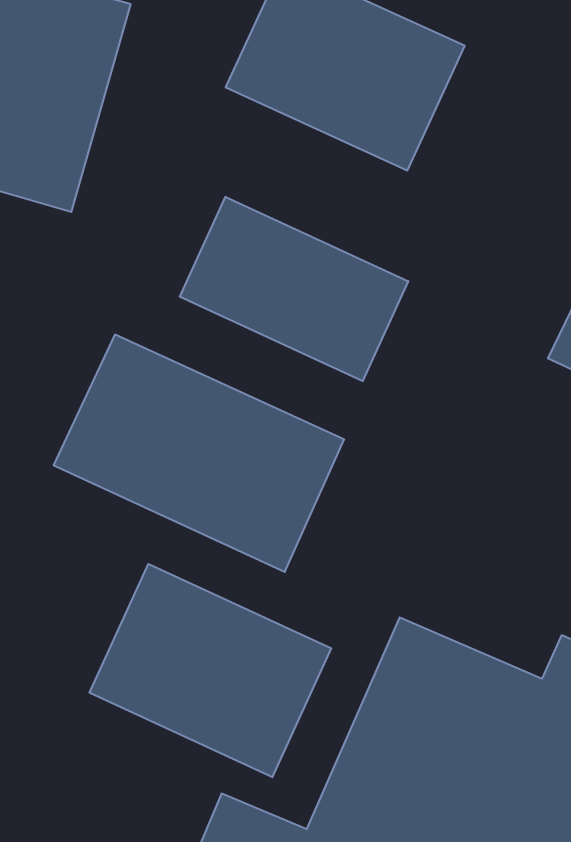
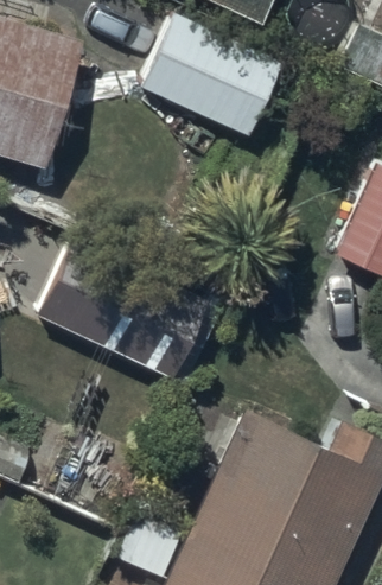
building: [180,197,408,381] -> none
building: [90,564,331,777] -> none

